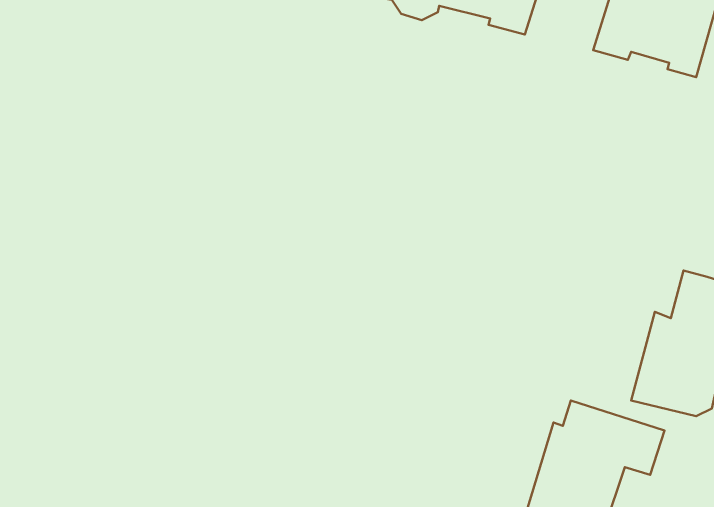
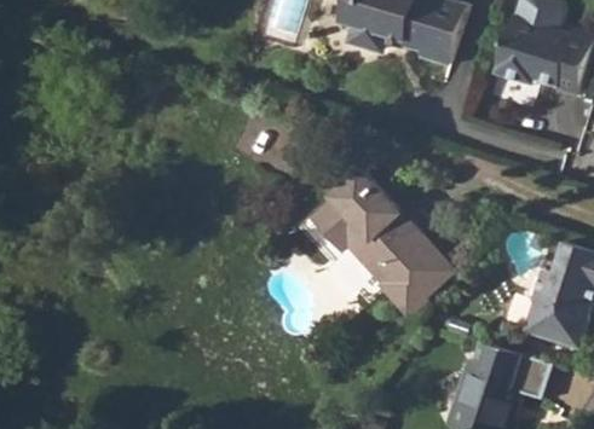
building: none -> [312,166,455,313]

